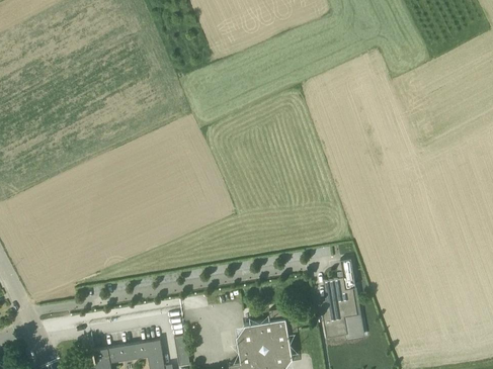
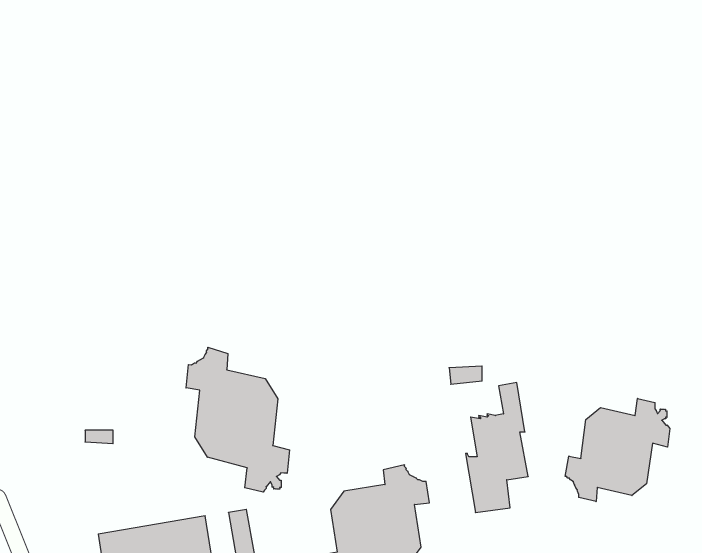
building: none -> [186,347,290,492]
building: none -> [565,398,670,502]

